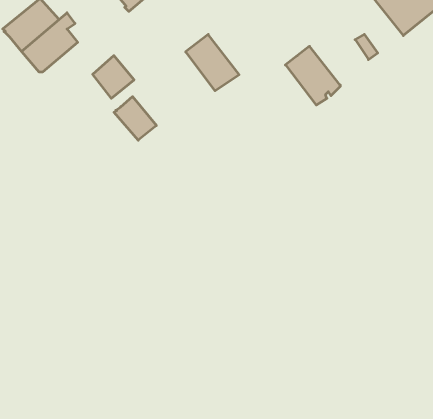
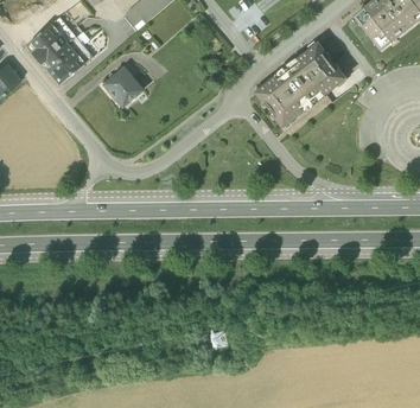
building: none -> [298,44,345,94]
building: [186,34,239,91] -> [256,76,304,126]
building: [114,97,156,140] -> none

